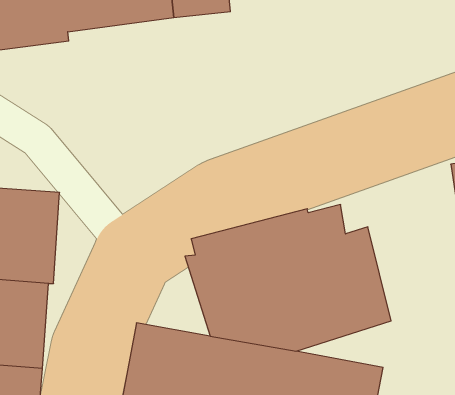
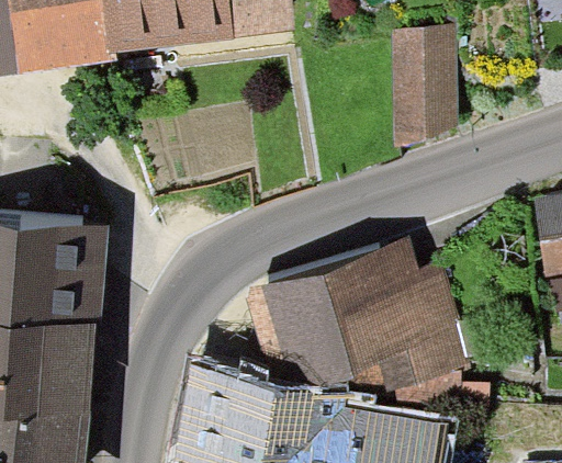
building: none -> [393,24,459,146]

